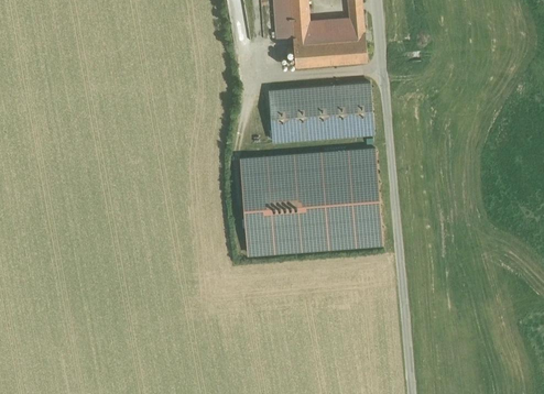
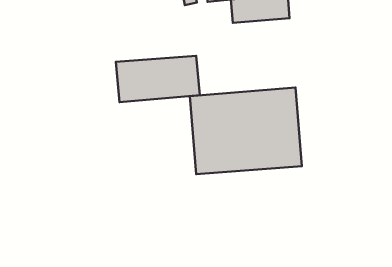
building: [269,83,374,141] -> [116,56,200,102]

